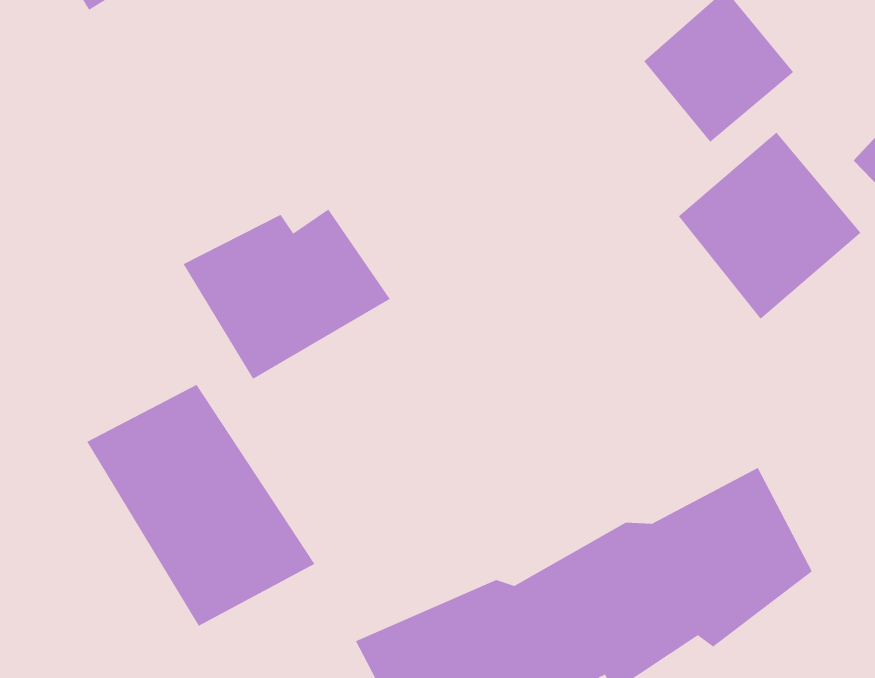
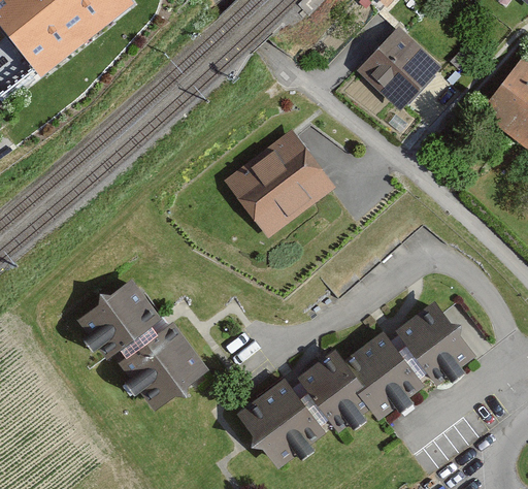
building: [678,132,861,320] -> none
building: [183,208,391,380] -> [222,139,338,238]

